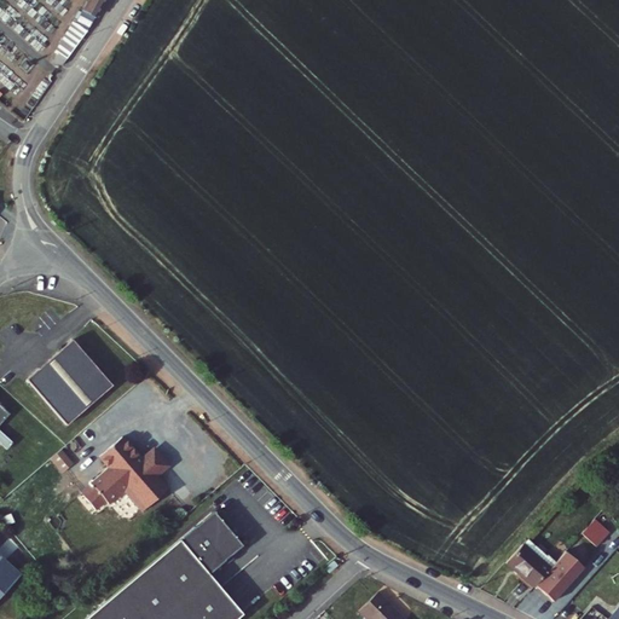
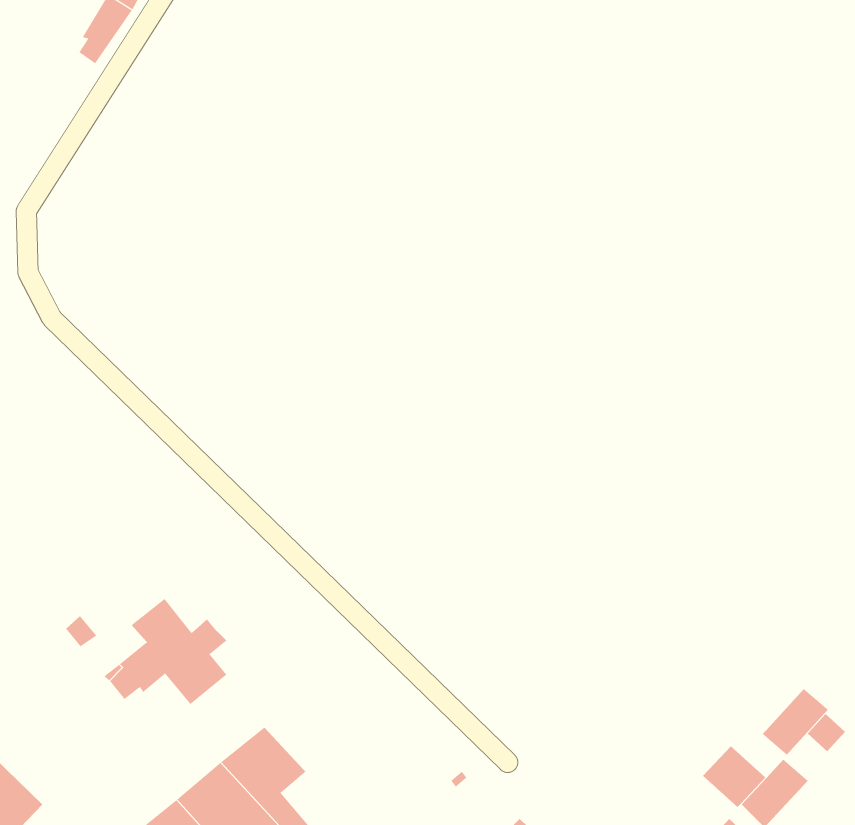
building: [29,340,115,426] -> none
building: none -> [762,688,829,755]
building: [195,513,243,562] -> none

